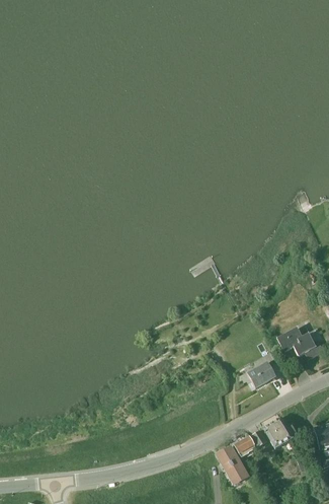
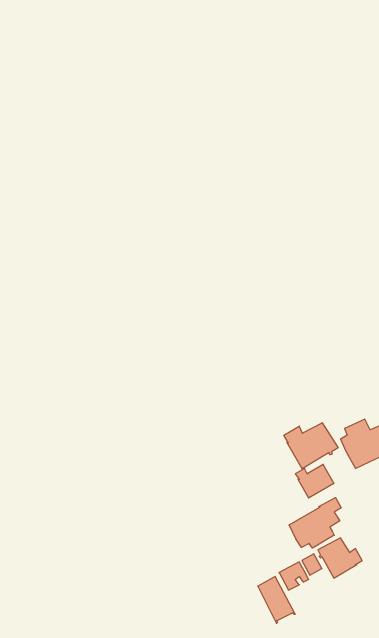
building: none -> [284,423,338,469]
building: none -> [289,498,341,548]

